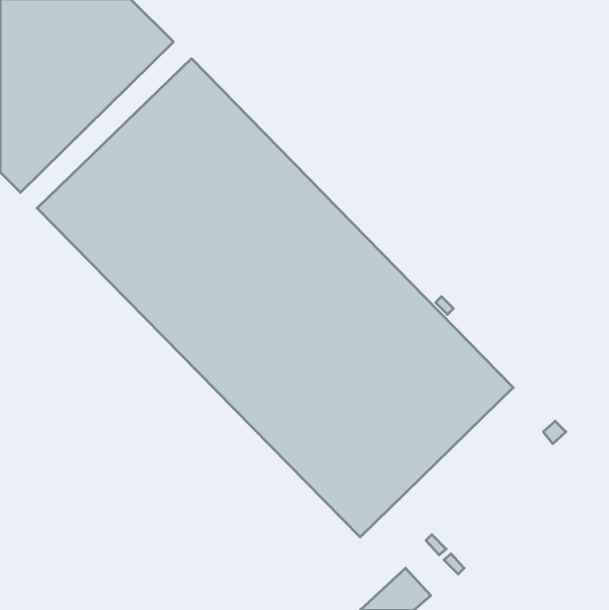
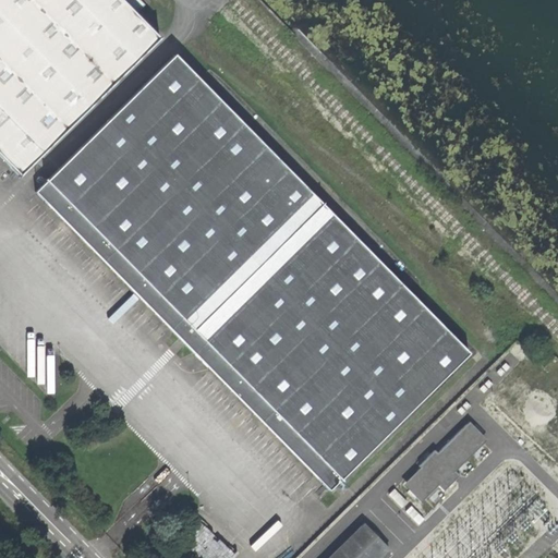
building: none -> [404,422,487,500]

